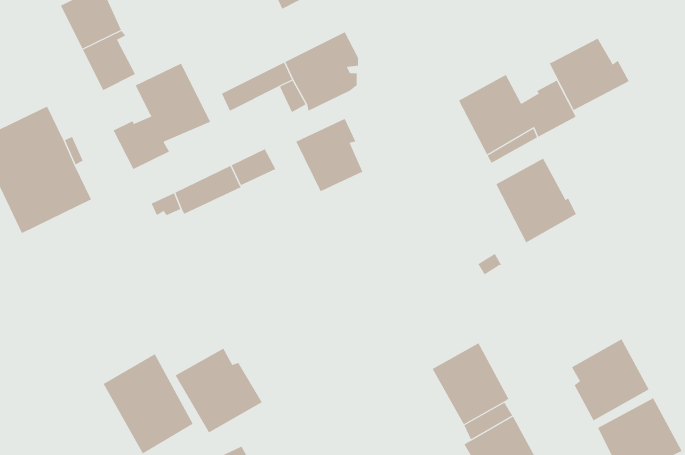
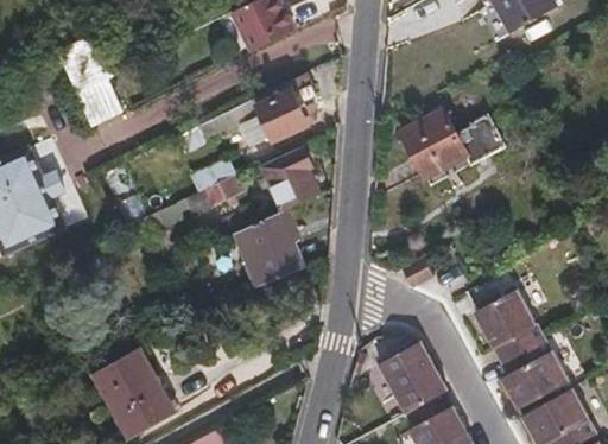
building: [549,38,629,111] -> none
building: [113,63,211,170] -> none
building: [495,158,577,243] -> [471,288,542,362]
building: none -> [234,210,300,286]
building: [175,348,262,433] -> none

